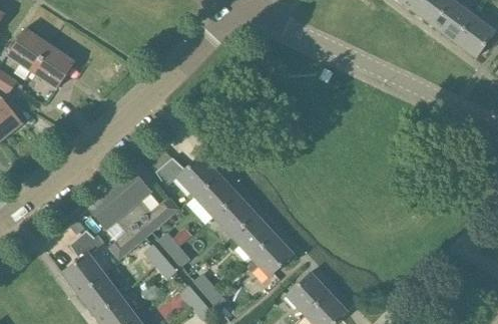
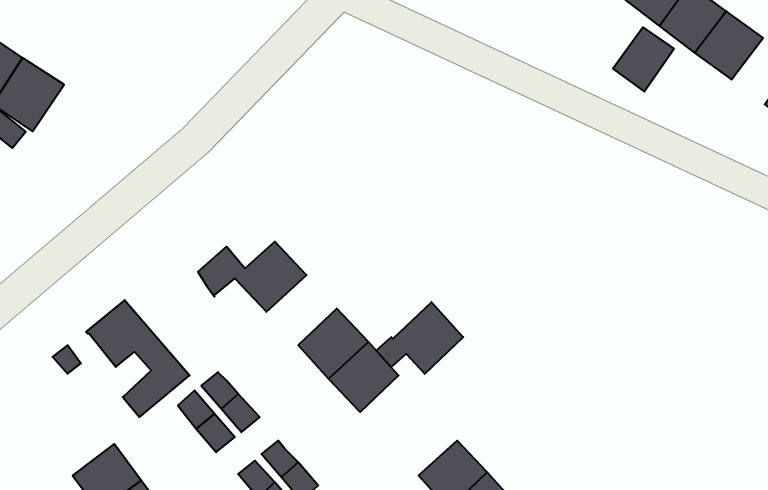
building: none -> [613,27,674,92]
building: [111,169,179,234] -> none
building: [196,174,238,216] -> none
building: [64,229,105,294] -> none
building: [242,234,295,277] -> [376,302,463,374]

